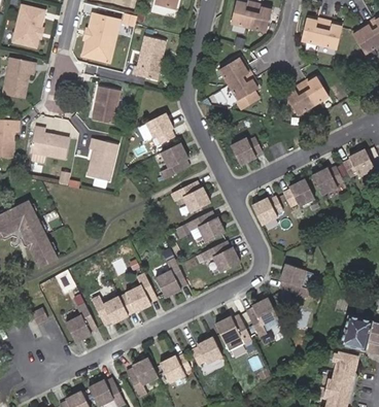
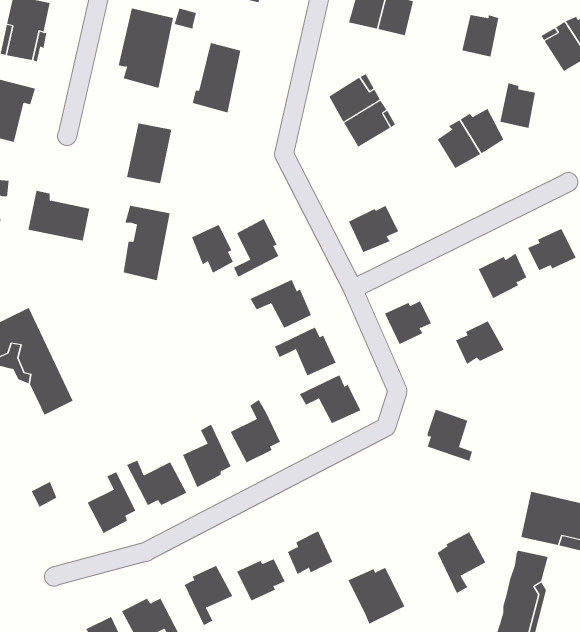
building: [320,19,343,47] -> [500,82,536,129]
building: [146,114,173,145] -> [191,224,234,273]
building: [284,179,315,207] -> [455,320,505,365]
building: [246,299,277,338] -> [437,531,486,594]
building: [214,316,250,352] -> [348,567,405,625]

